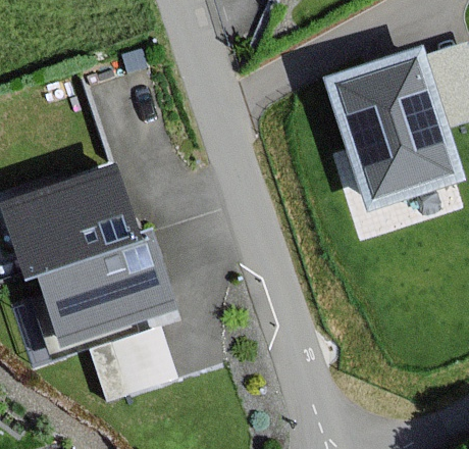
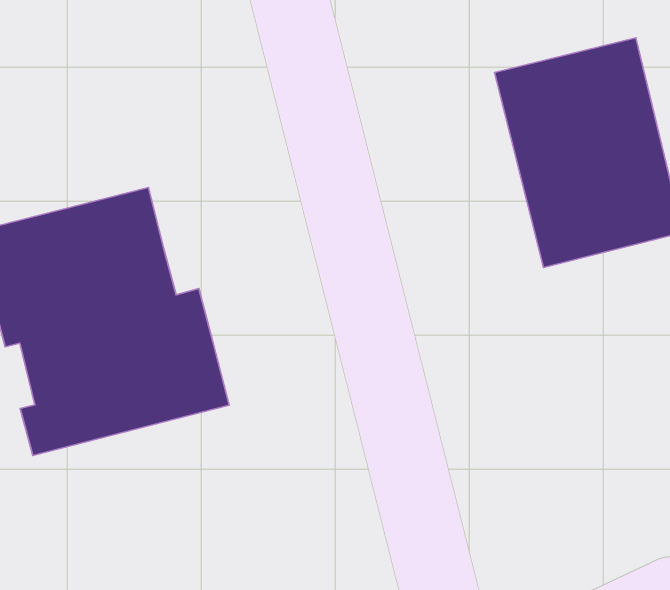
building: [92,329,172,396] -> none

